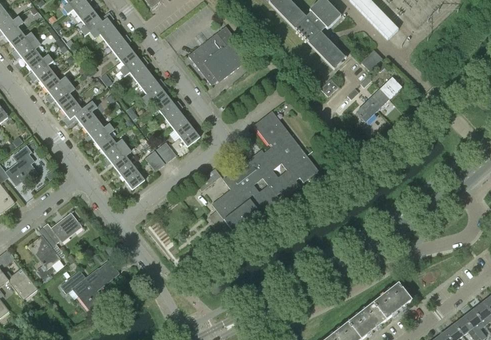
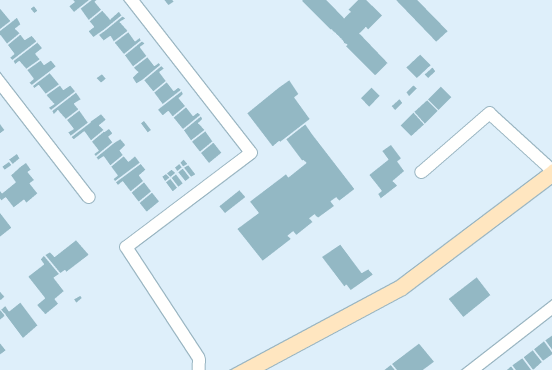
building: [188,25,245,85] -> [246,79,311,147]
building: none -> [368,144,405,199]
building: none -> [321,244,374,291]
building: [60,260,118,309] -> none
building: [372,283,411,320] -> [447,276,492,318]

